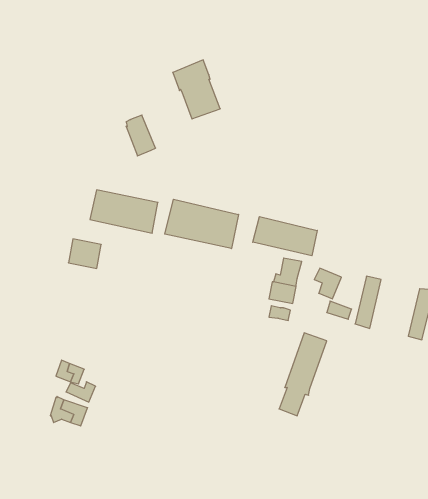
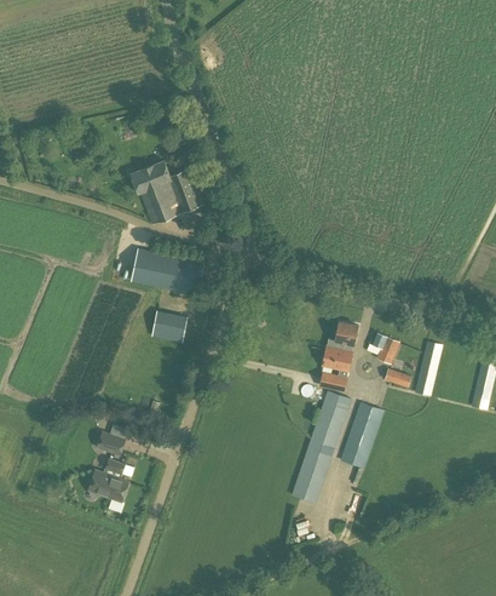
building: [173,60,220,119] -> [131,160,181,223]
building: [165,199,239,249] -> none
building: [253,217,317,256] -> none
building: [68,239,101,268] -> [151,310,186,342]
building: none -> [290,390,351,503]

